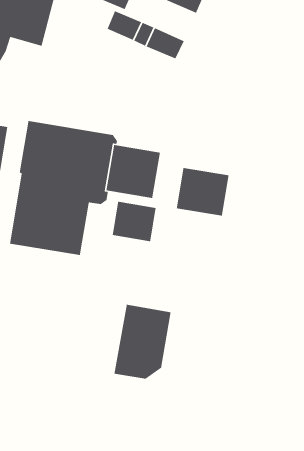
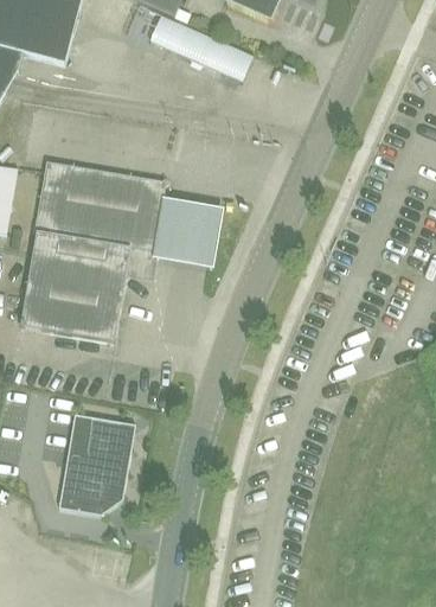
building: [176,167,230,217] -> none
building: [112,201,157,242] -> none
building: [114,304,172,380] -> [58,413,135,513]

